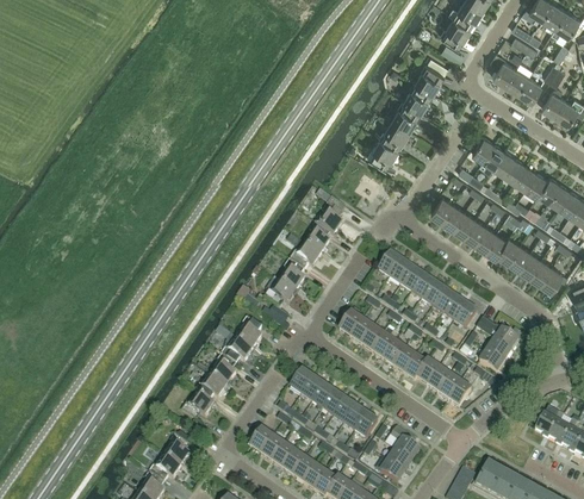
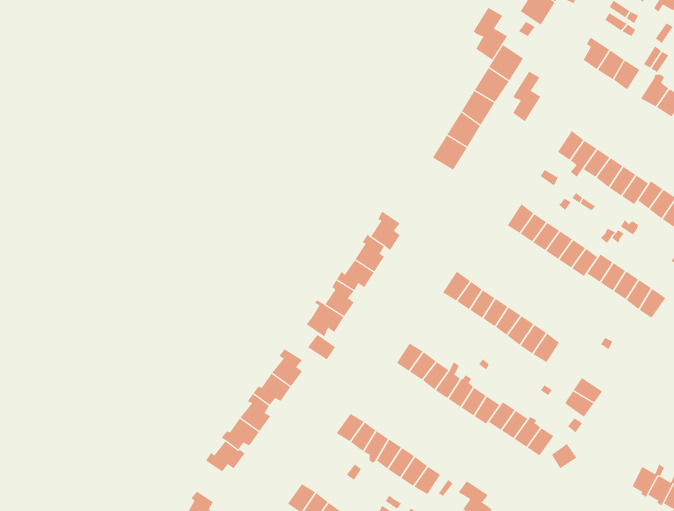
building: none -> [473,7,508,61]
building: none -> [513,71,541,122]
building: [476,316,522,350] -> none

